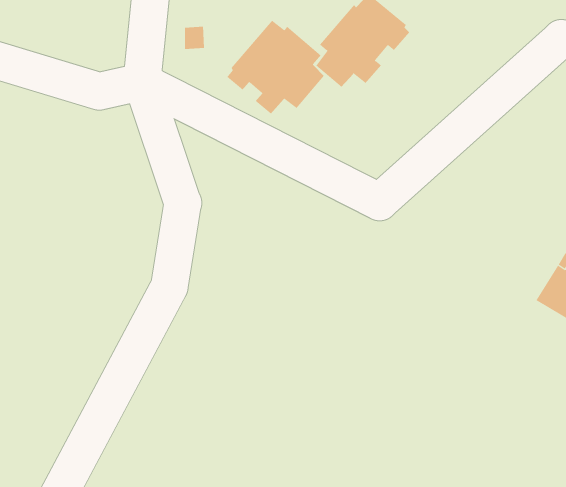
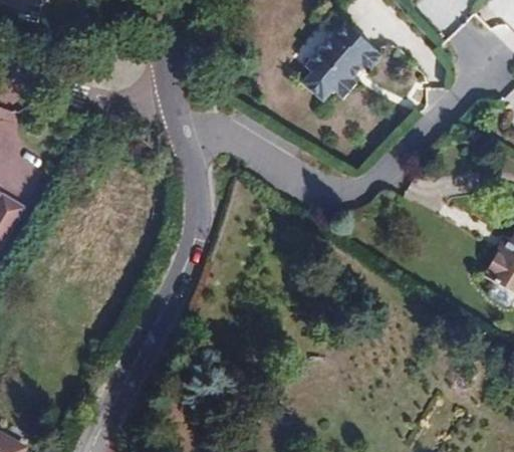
building: [227,20,325,114] -> none

